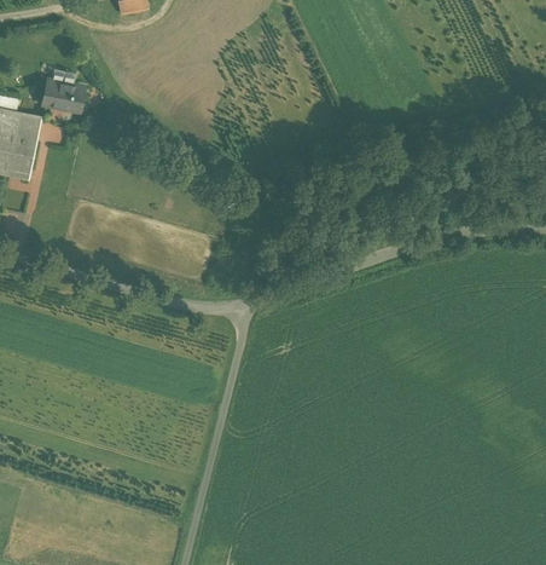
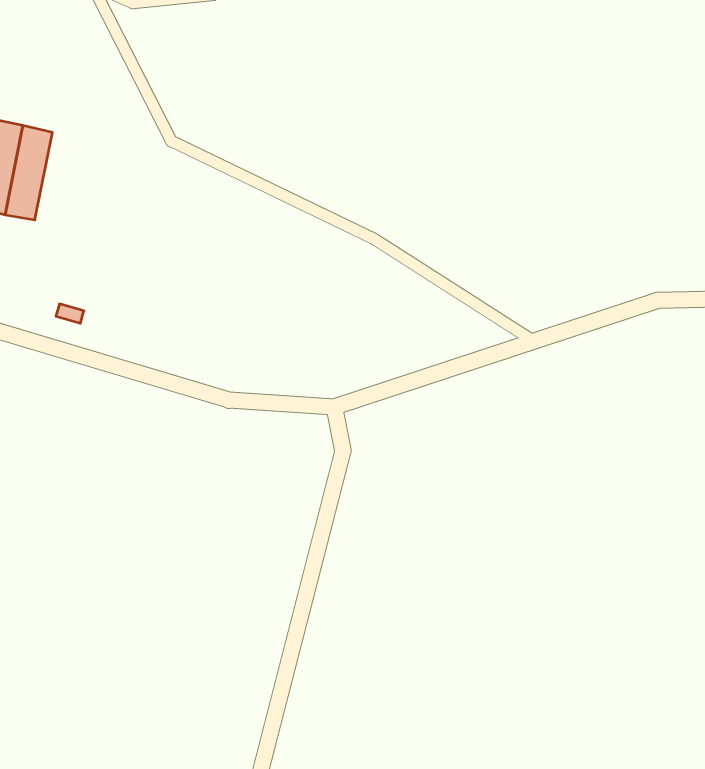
building: [43,79,83,110] -> none

